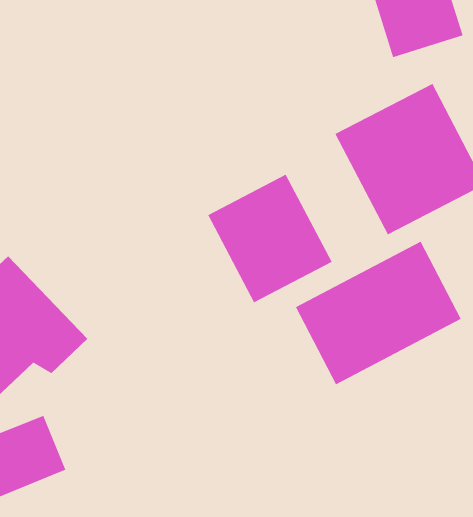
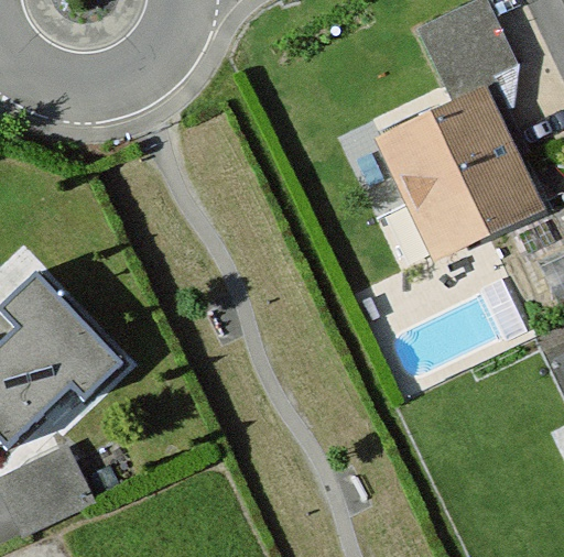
building: [207,174,332,303] -> none
building: [295,241,462,385] -> none

